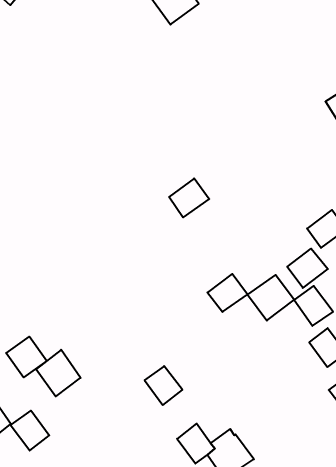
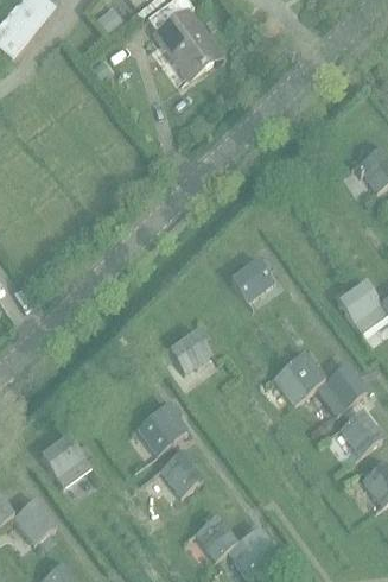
building: [169,178,209,217] -> [230,259,274,302]
building: [287,249,328,288] -> none
building: [207,274,247,312] -> [167,330,211,372]
building: none -> [145,405,186,448]
building: [6,337,47,377] -> none

